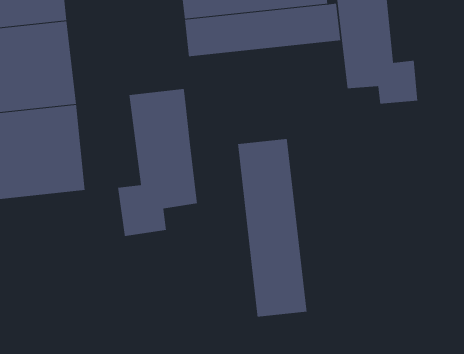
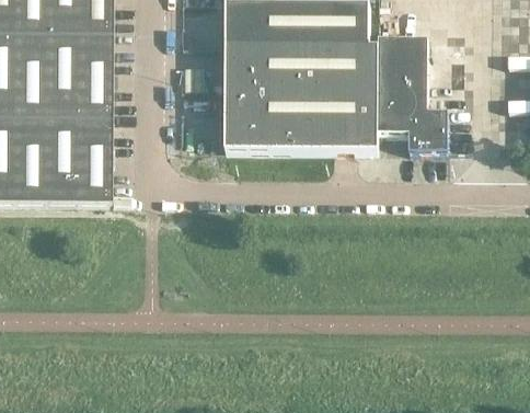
building: none -> [223,82,377,150]
building: [118,88,197,237] -> none
building: [237,138,307,317] -> none

